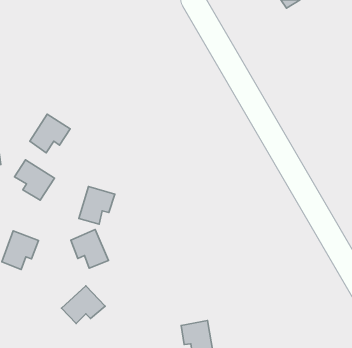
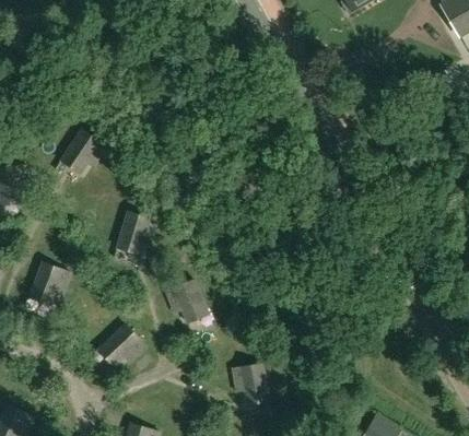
building: [14,160,55,200] -> none
building: [71,230,109,268] -> [165,280,208,323]

